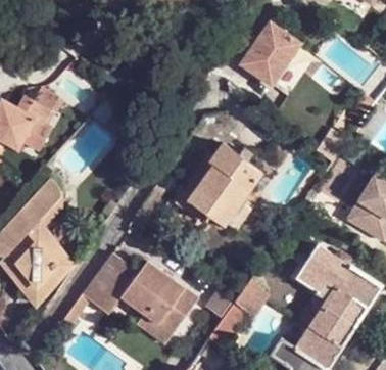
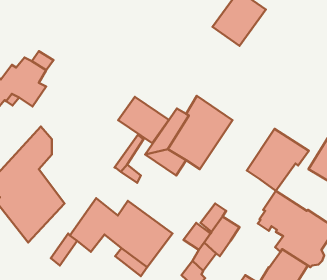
building: none -> [118,97,169,143]
building: none -> [247,129,309,191]

